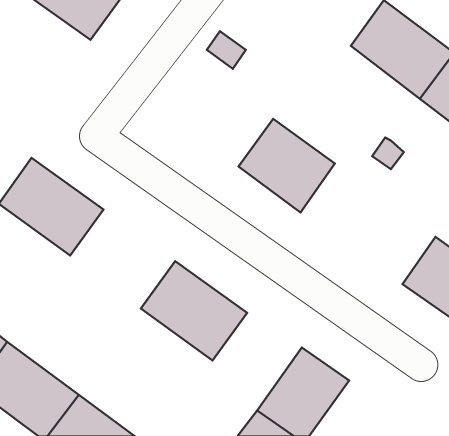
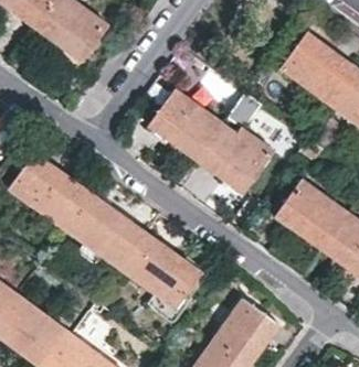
building: none -> [148,87,222,159]
building: none -> [275,179,347,249]
building: none -> [66,192,147,268]

